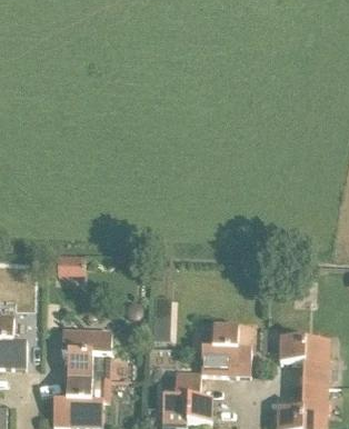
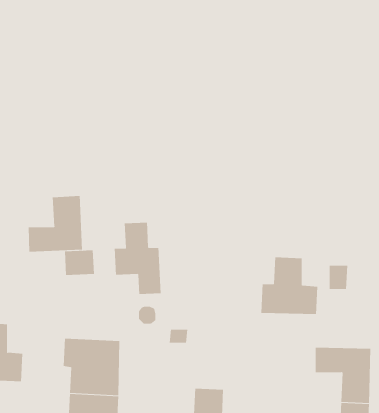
building: none -> [28,195,83,253]
building: none -> [114,222,161,295]
building: [201,325,251,375] -> [260,257,318,315]

